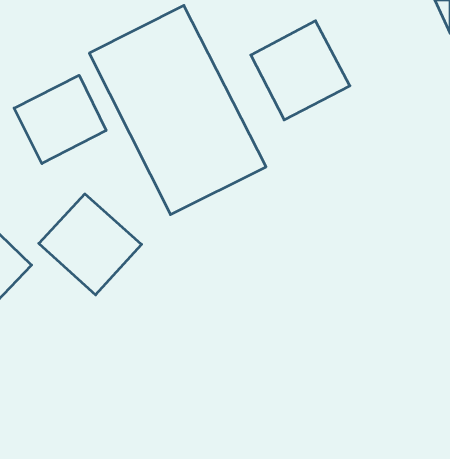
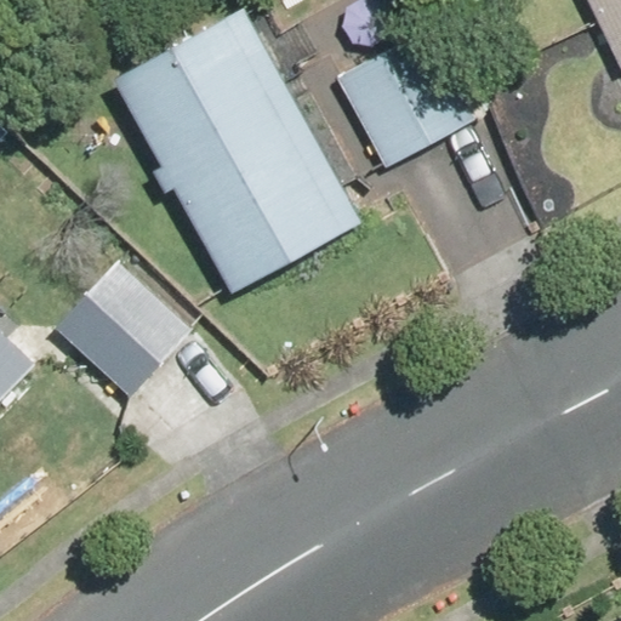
building: [14,75,106,164] -> none

